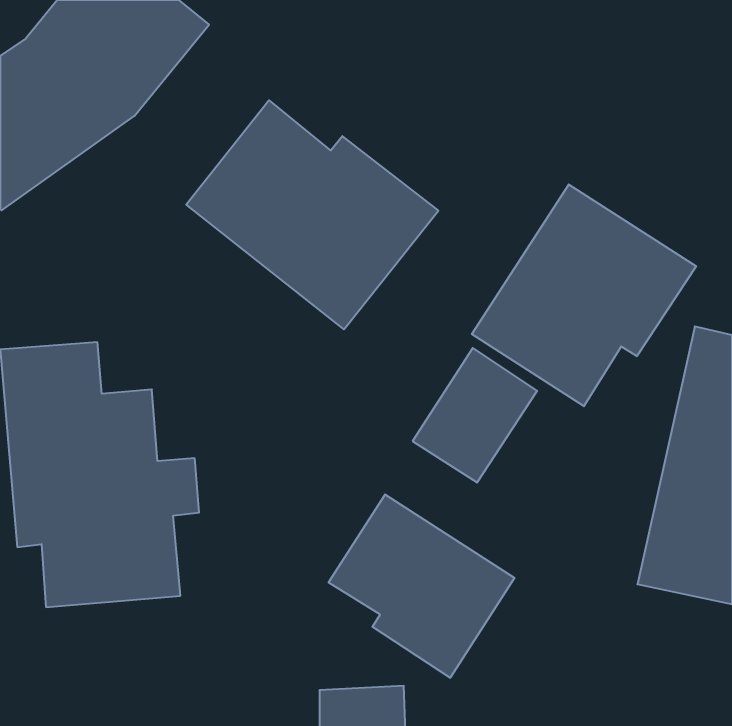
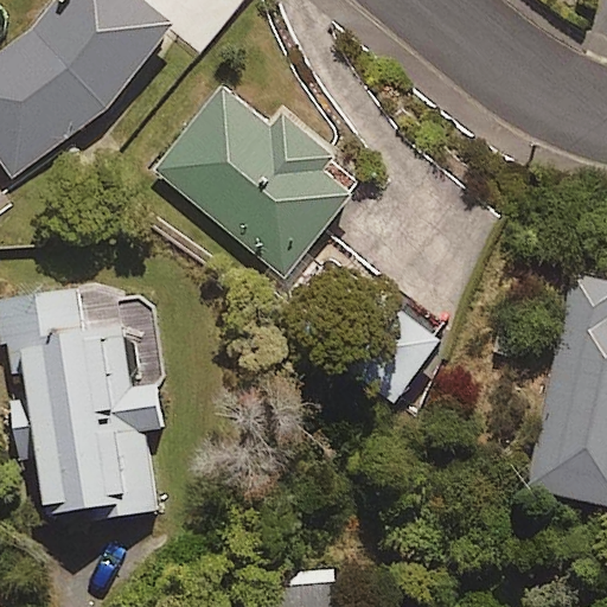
building: [472,184,696,406] -> none
building: [329,494,514,678] -> none

